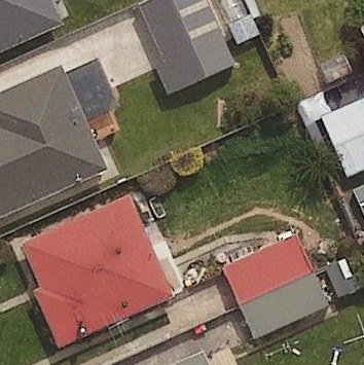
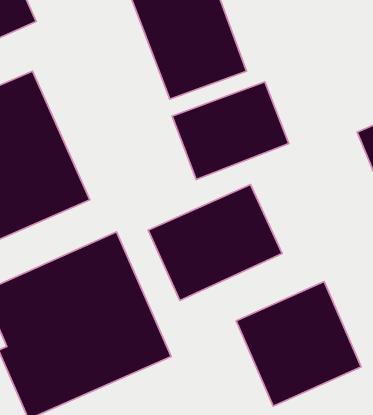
building: none -> [172,82,289,180]
building: none -> [148,185,282,301]

